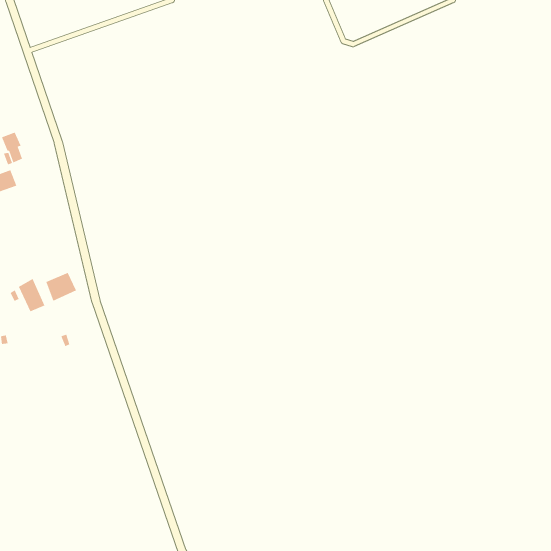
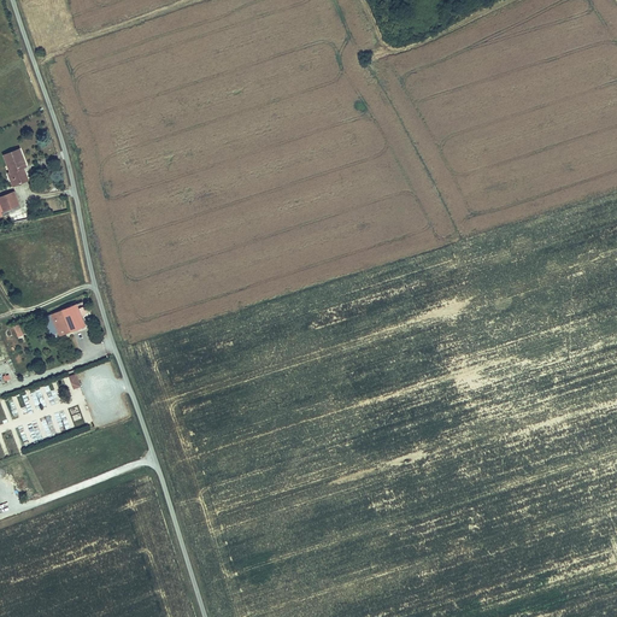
building: [18,278,45,312] -> none

